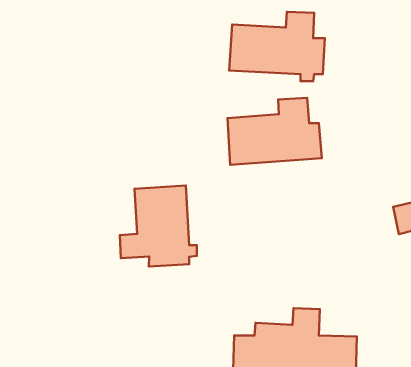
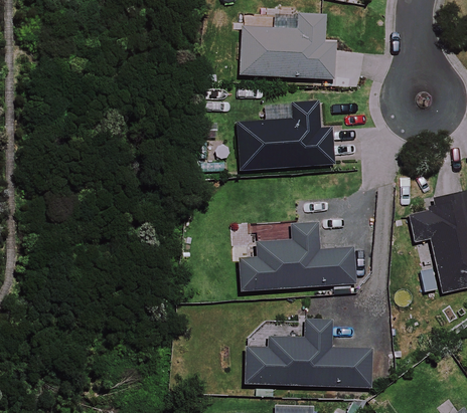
building: [120,185,197,267] -> none
building: none -> [239,223,358,291]

